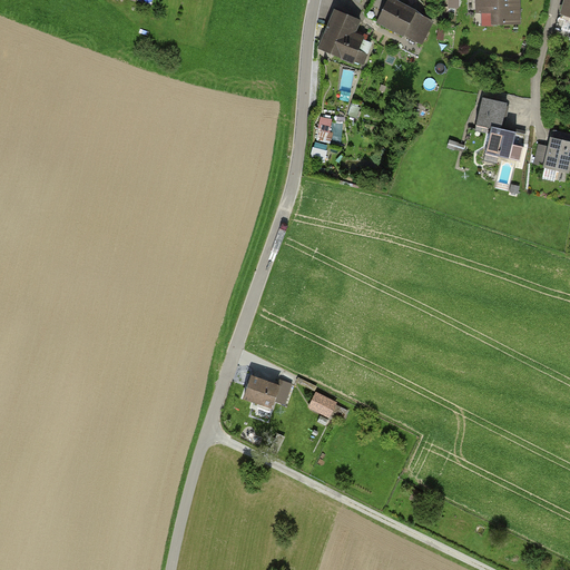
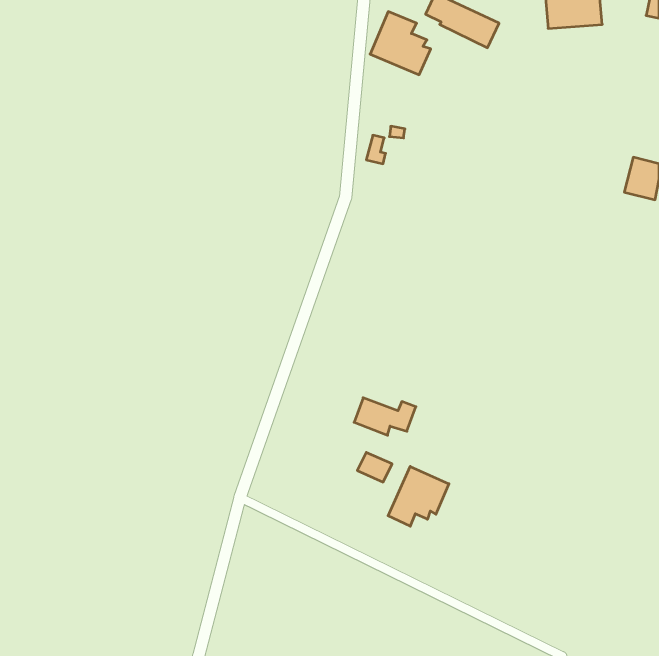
building: [478,97,524,159] -> none
building: [239,375,293,407] -> [354,398,416,435]
building: none -> [388,466,449,526]

